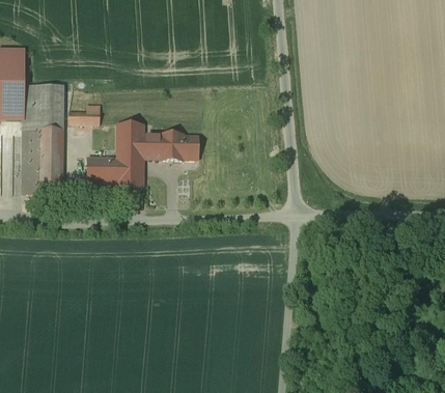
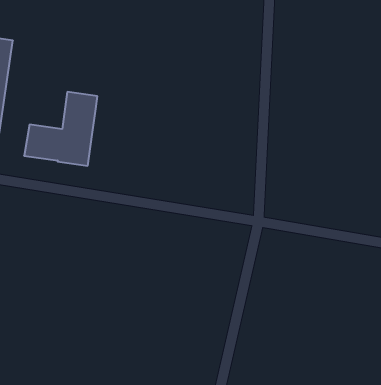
building: [68,104,100,122] -> none
building: [143,132,197,158] -> none

